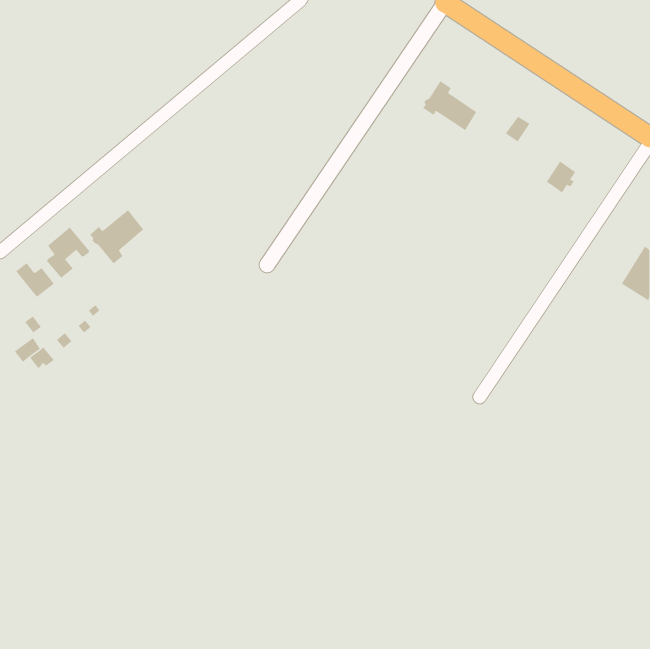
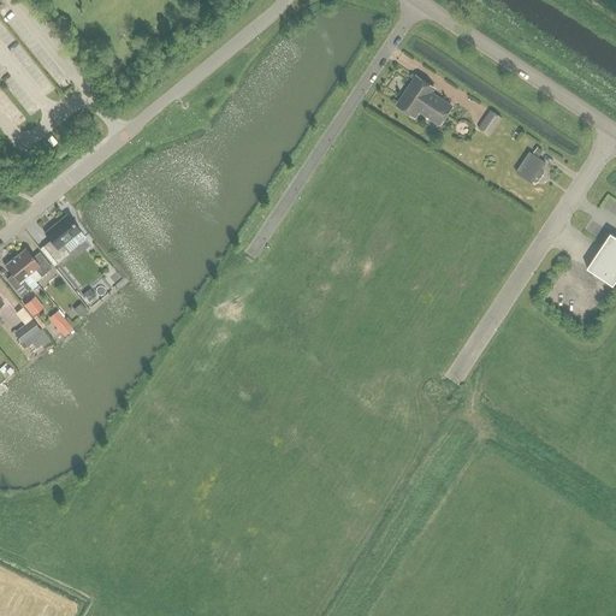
building: [89,209,144,265] -> none
building: none -> [5,256,37,297]

